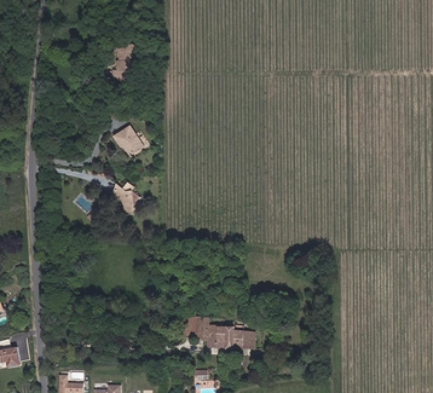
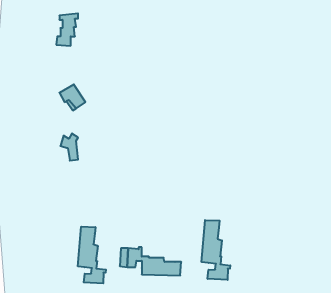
building: none -> [202,220,230,280]
building: none -> [78,227,106,283]

